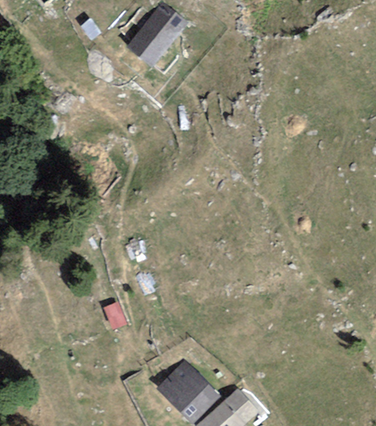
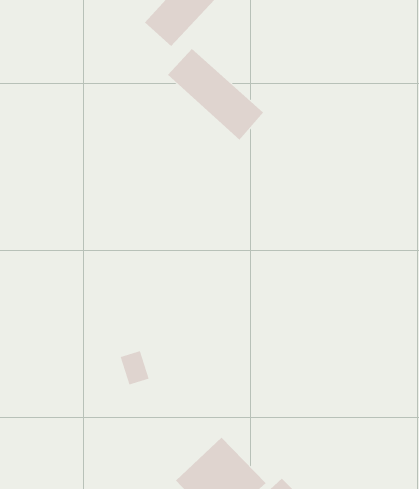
building: none -> [167,48,264,141]

